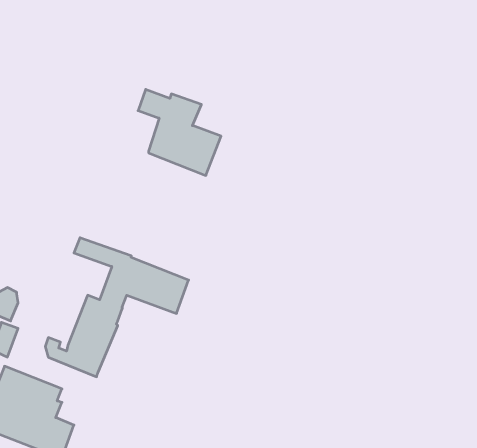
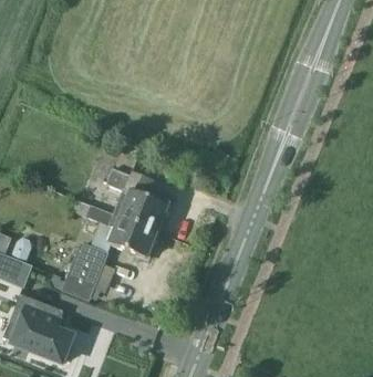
building: [138,89,221,175] -> [107,169,168,232]

